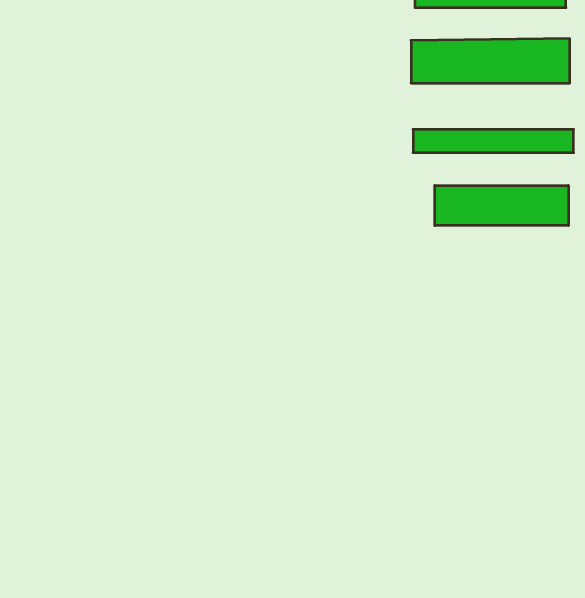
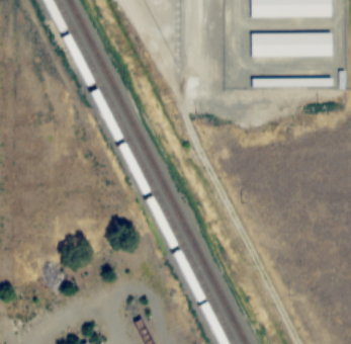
building: [435,185,568,226] -> none

